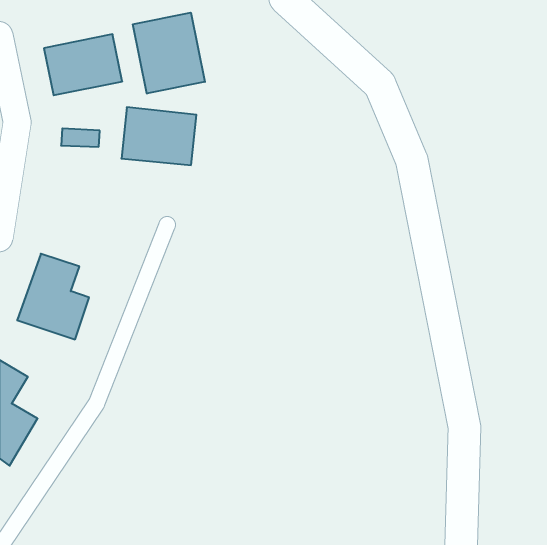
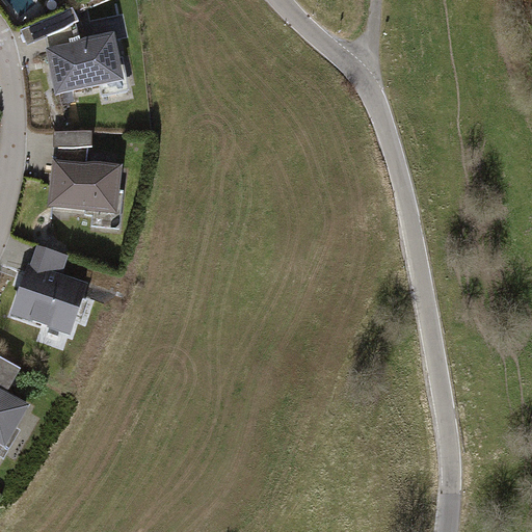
building: [133,13,205,94] -> none
building: [121,107,196,165] -> [43,157,115,213]

